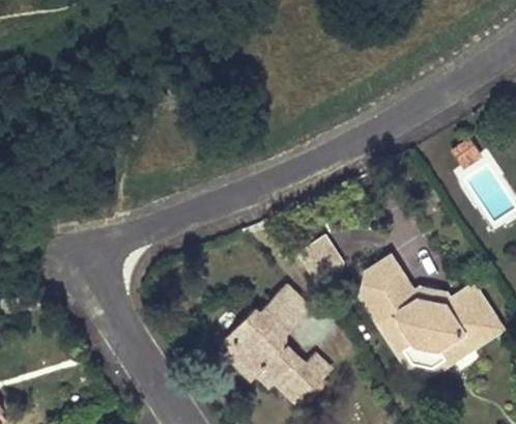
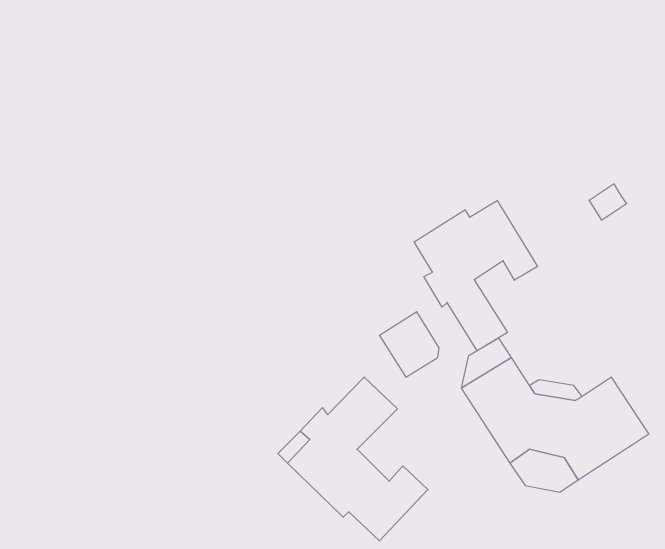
building: none -> [414,200,537,351]

